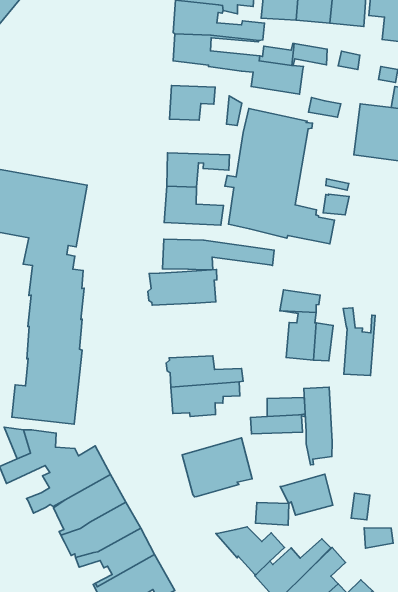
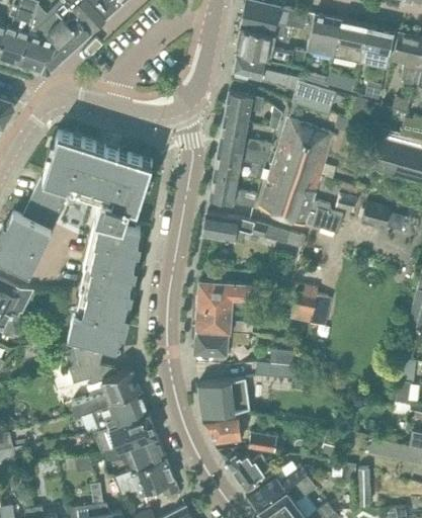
building: none -> [219,119,272,154]
building: none -> [360,201,391,232]
building: [148,270,217,305] -> [196,282,253,312]
building: [343,308,375,376] -> none
building: [304,387,332,465] -> none
building: [280,474,333,515] -> [203,415,243,444]

